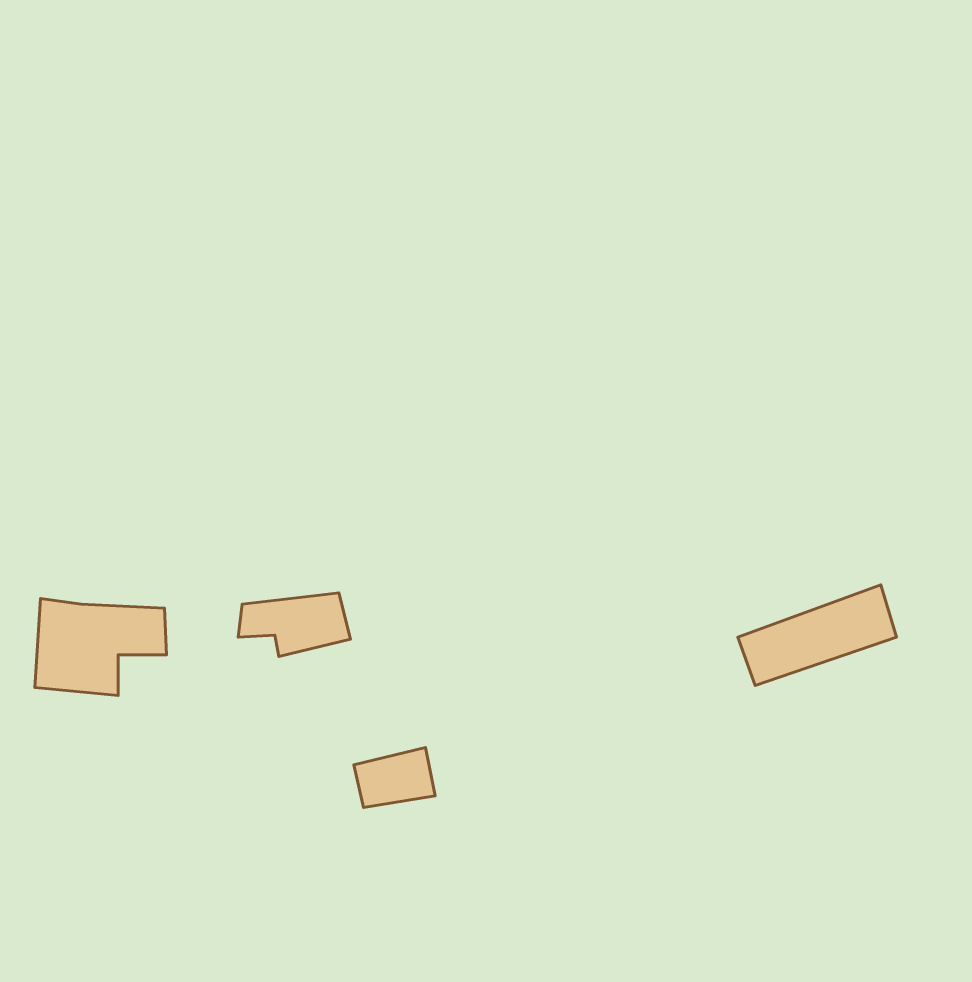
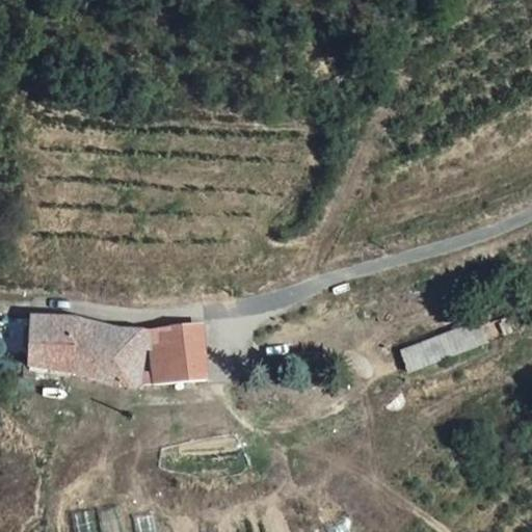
building: none -> [73,324,139,379]
building: [354,748,435,808] -> [159,343,203,375]

